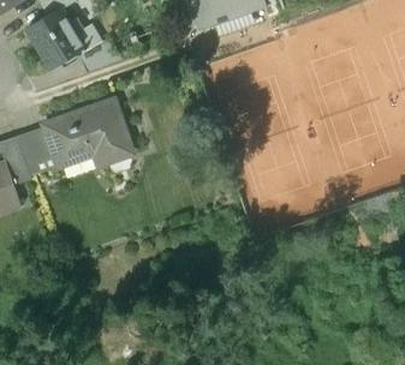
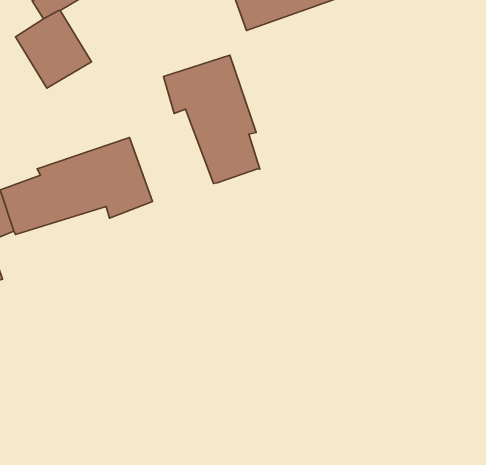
building: none -> [163,55,260,184]

